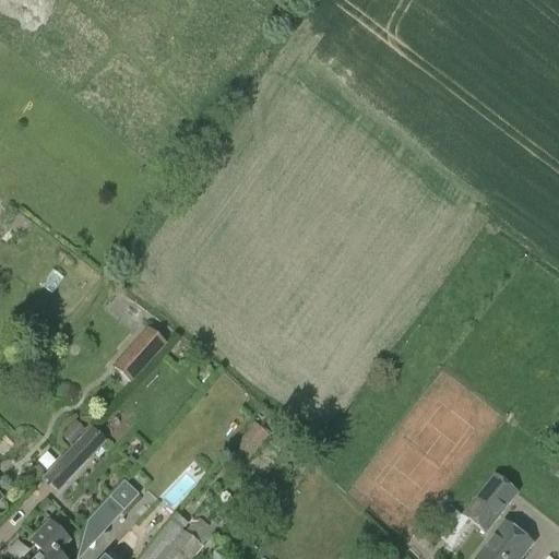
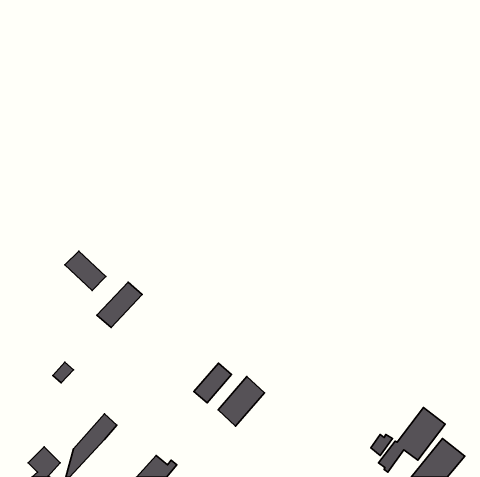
building: none -> [65,251,106,290]
building: [43,427,105,490] -> none
building: none -> [218,377,264,426]

